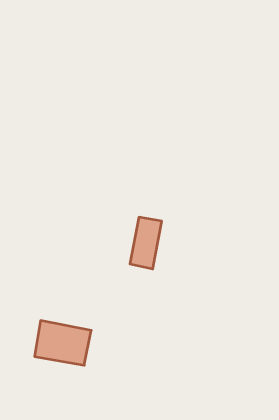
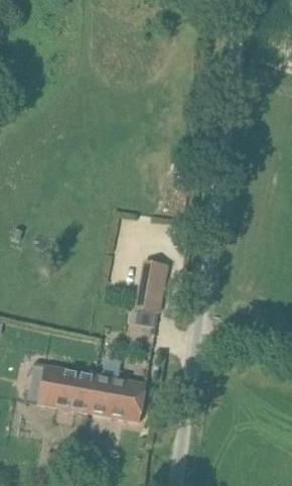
building: none -> [89,375,146,419]

